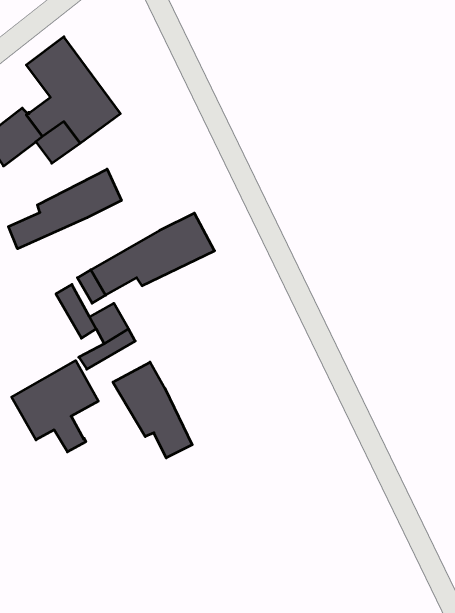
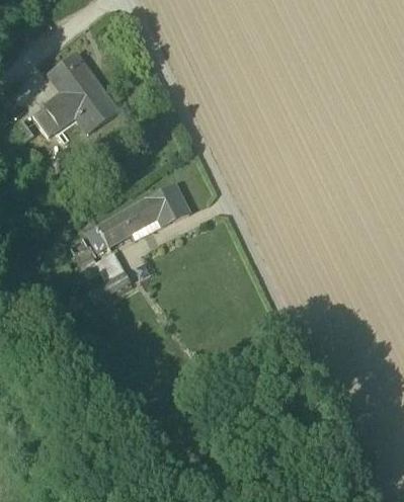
building: [8,169,121,249] -> none
building: [12,361,98,452] -> none
building: [113,362,192,458] -> none

